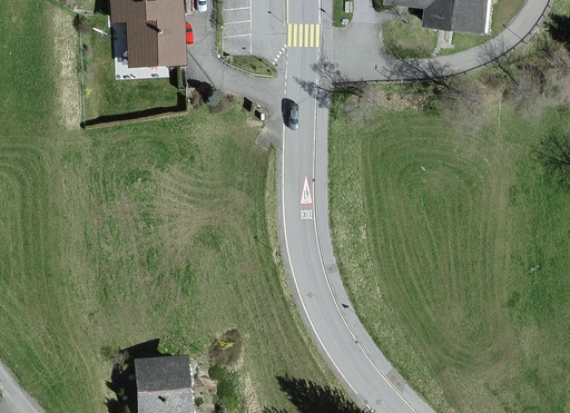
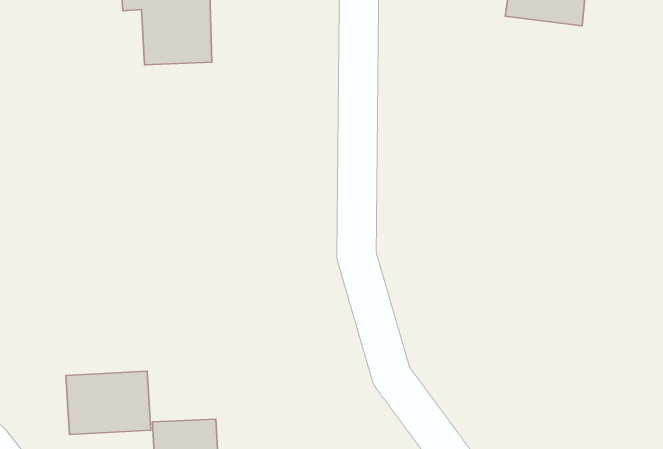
building: none -> [66,371,151,435]

